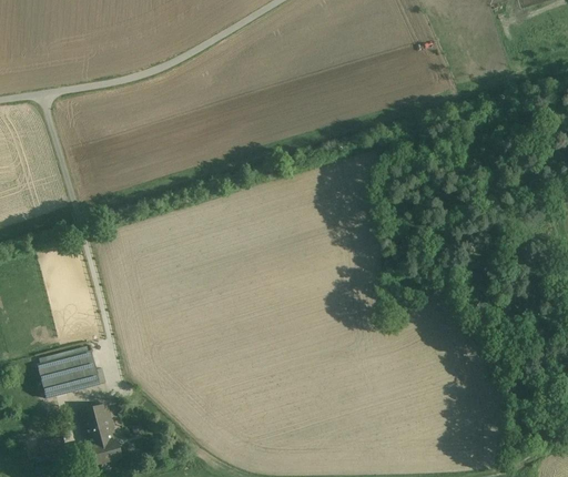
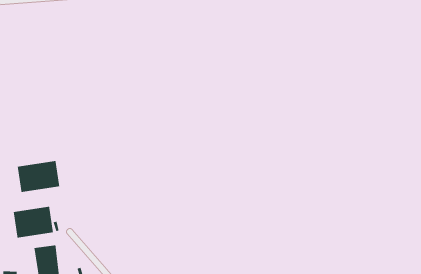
building: none -> [17,160,60,193]

